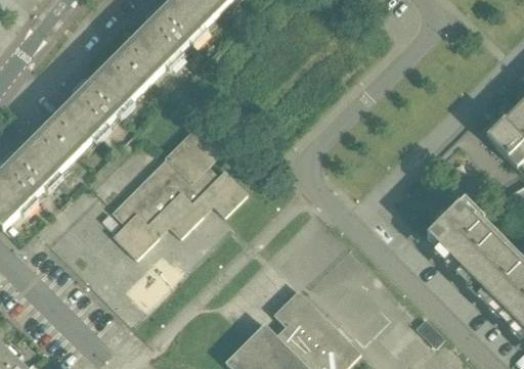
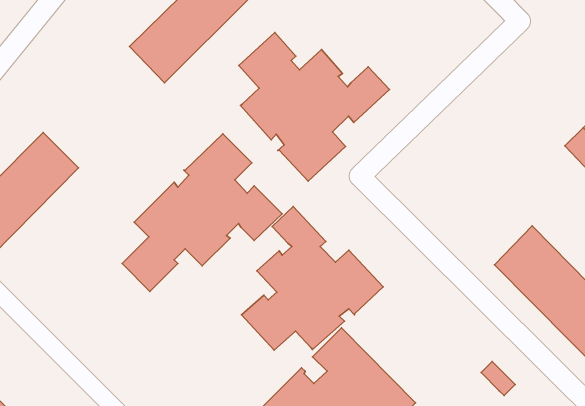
building: none -> [239,32,390,181]
building: [46,51,148,153] -> none
building: none -> [242,206,383,350]

